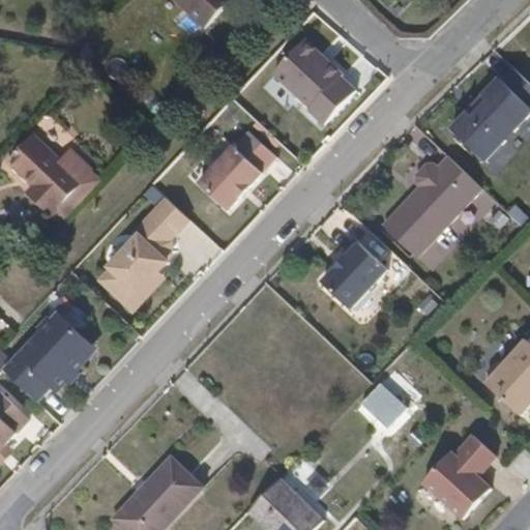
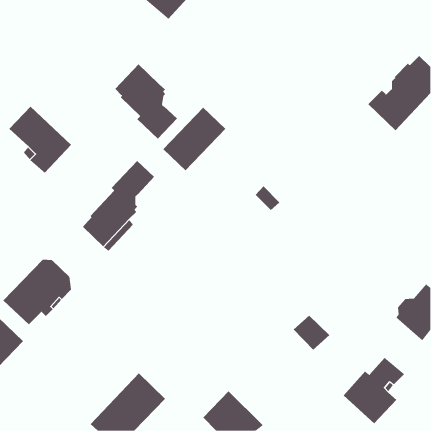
building: [271,35,355,121] -> none
building: none -> [115,64,178,140]
building: [381,156,479,256] -> none
building: [323,236,389,306] -> none

